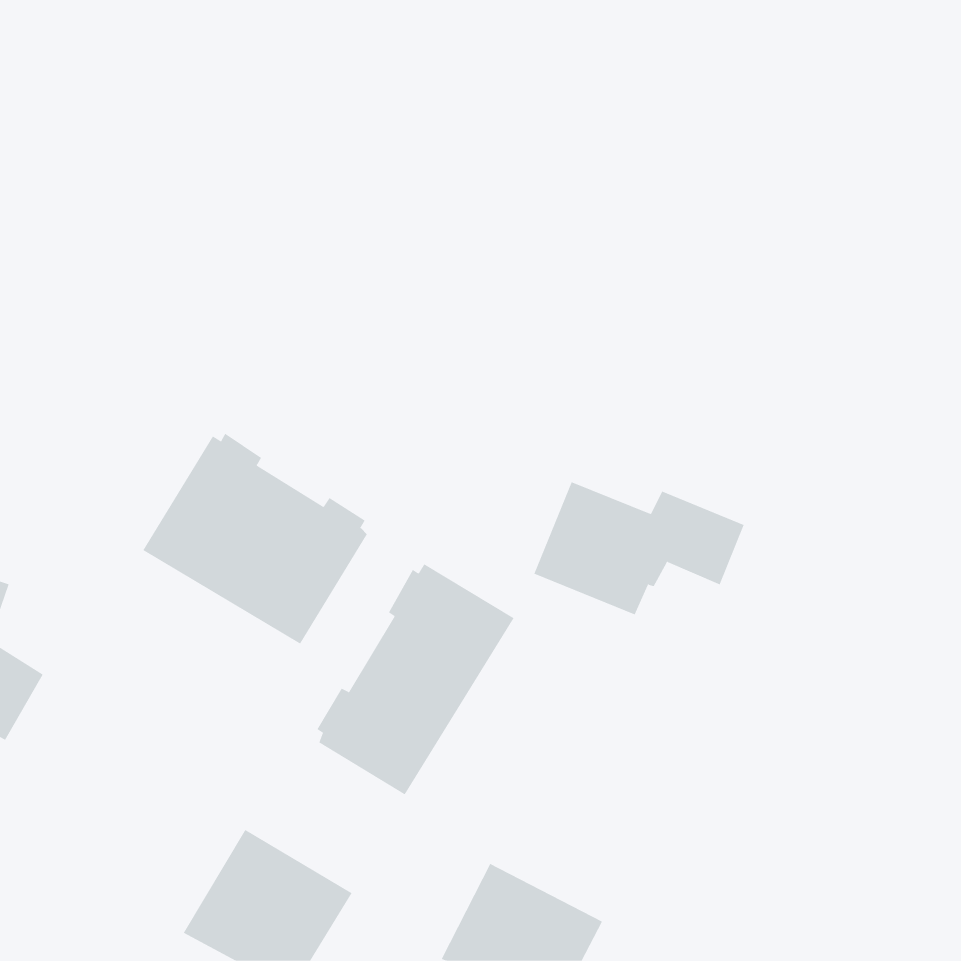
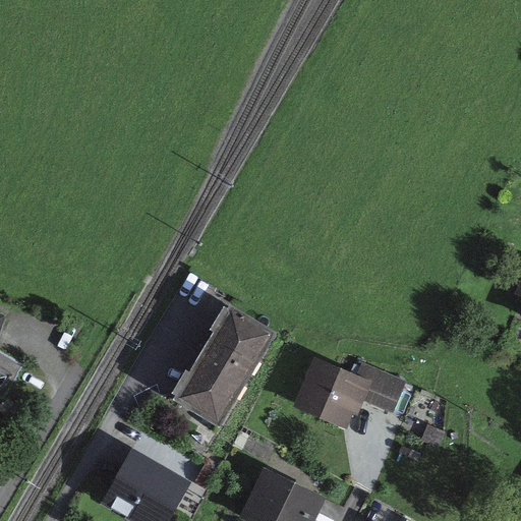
building: [142,433,368,645] -> none
building: [534,481,745,615] -> [292,357,406,429]

